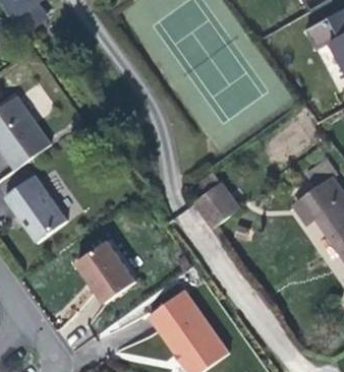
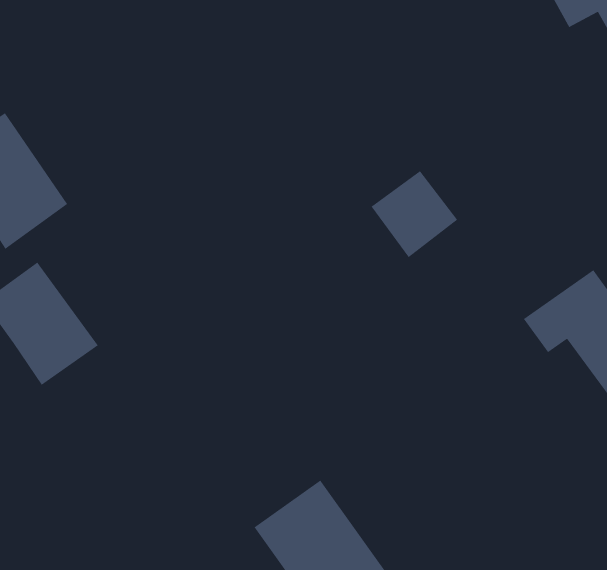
building: [190,182,237,229] -> [370,170,458,258]
building: [74,240,133,302] -> none

